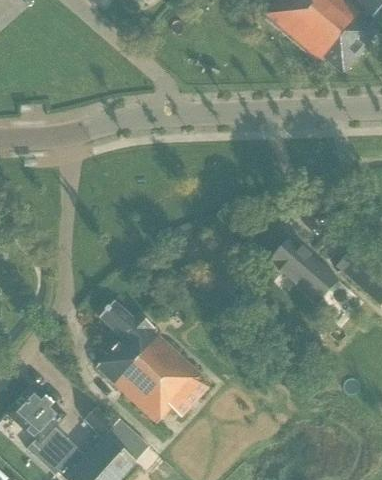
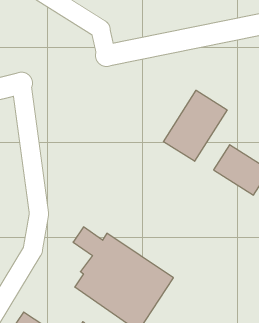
building: none -> [163,90,227,161]

